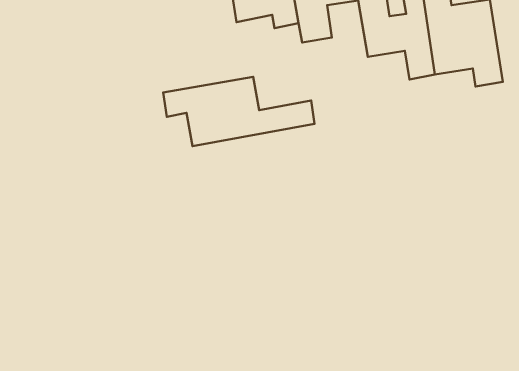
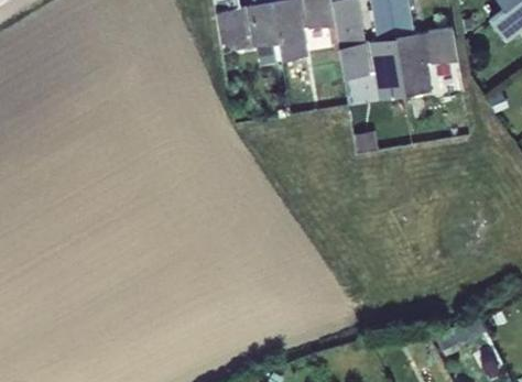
building: [163,77,314,146] -> none

